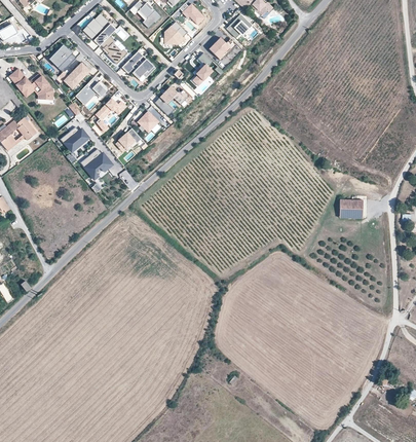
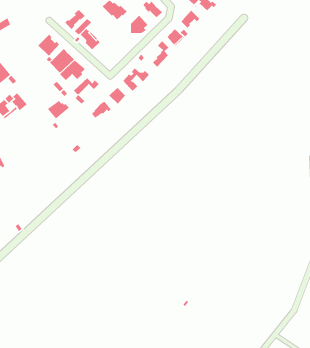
building: [122,50,156,79] -> none
building: [10,70,54,101] -> none
building: [81,149,113,180] -> none
building: [340,200,363,218] -> none

